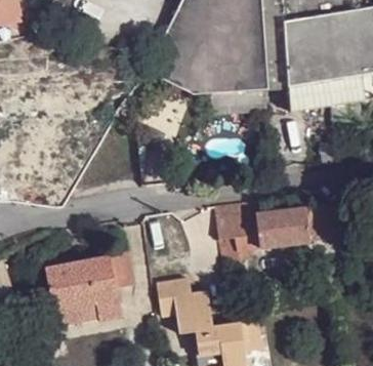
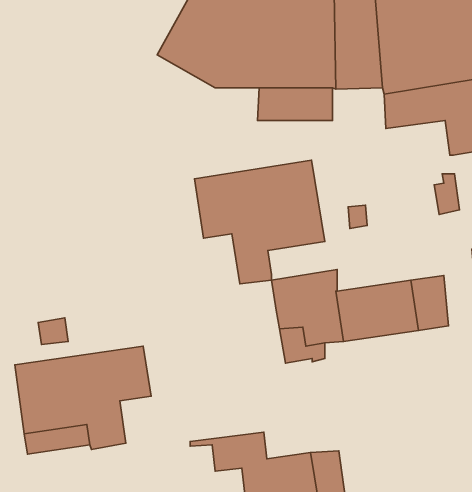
building: none -> [194,160,325,284]
building: [157,277,209,314] -> none

